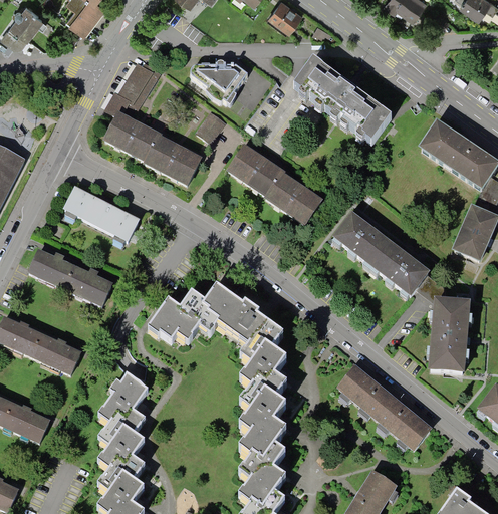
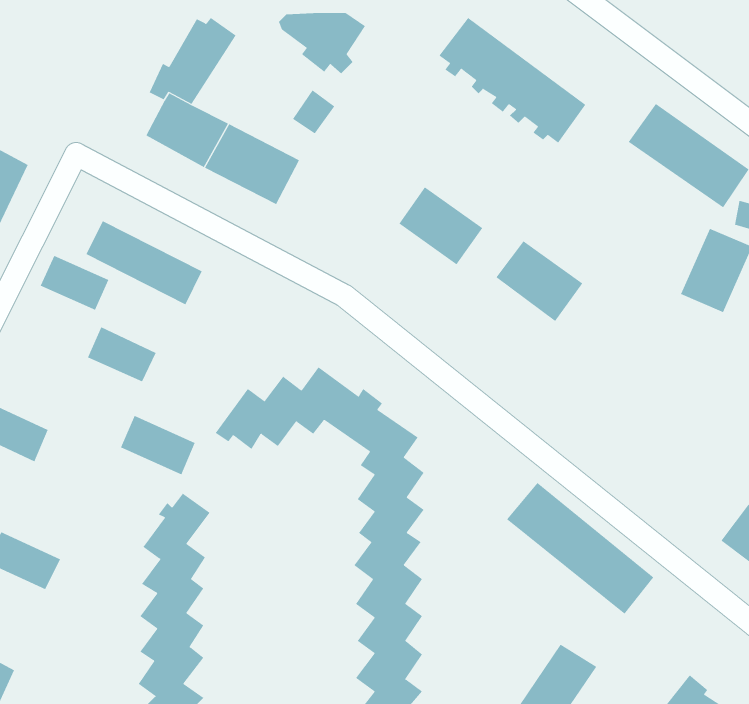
building: [229,146,285,198] -> none
building: [370,237,427,290] -> none
building: [29,249,74,285] -> [40,255,109,310]
building: [430,298,470,370] -> none
building: [31,332,80,371] -> [120,415,196,475]

